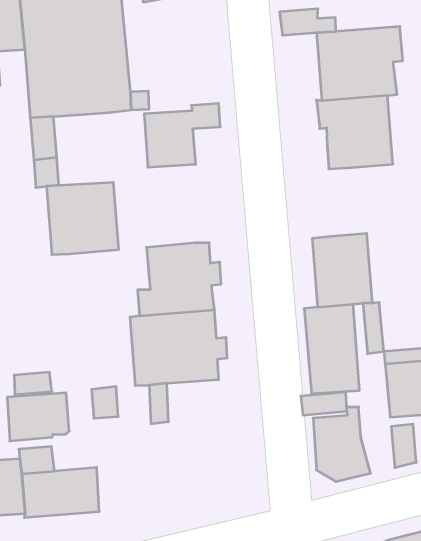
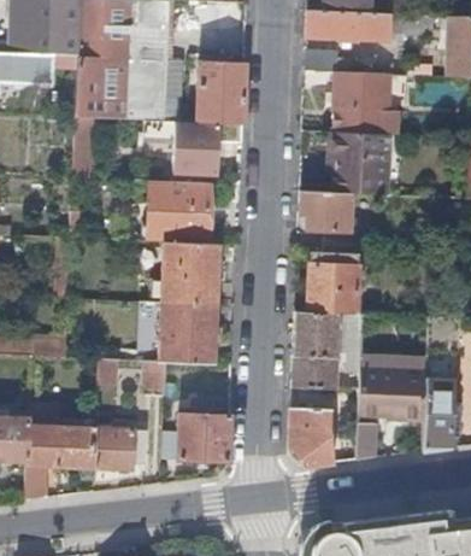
building: none -> [196,63,245,123]
building: none -> [299,191,378,253]
building: [46,182,119,255] -> [148,180,210,242]
building: [7,393,69,441] -> [95,428,149,468]
building: none -> [163,414,231,462]

